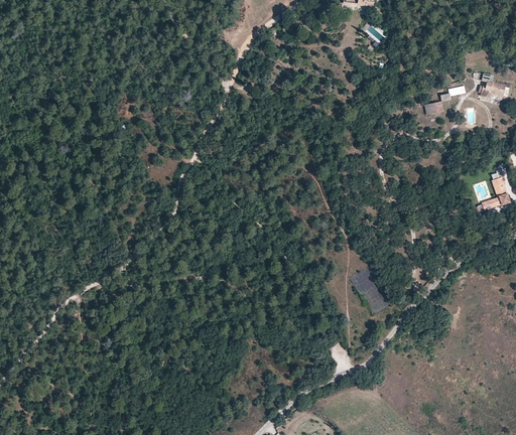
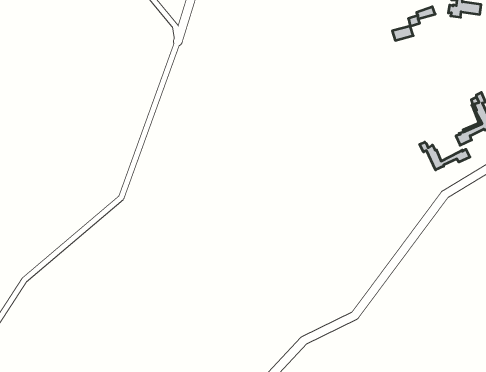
building: none -> [420,142,470,170]

